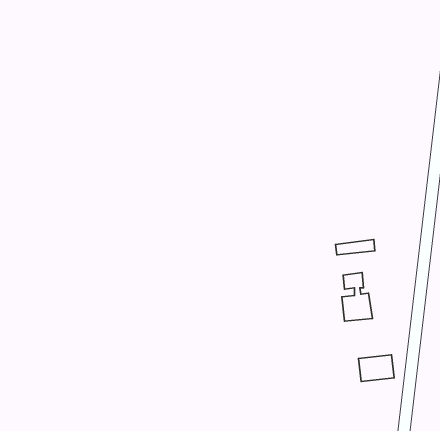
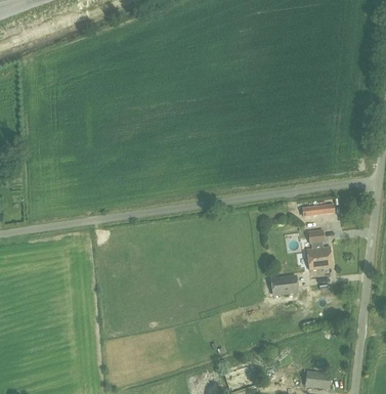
building: [359,355,394,382] -> [269,273,298,295]

